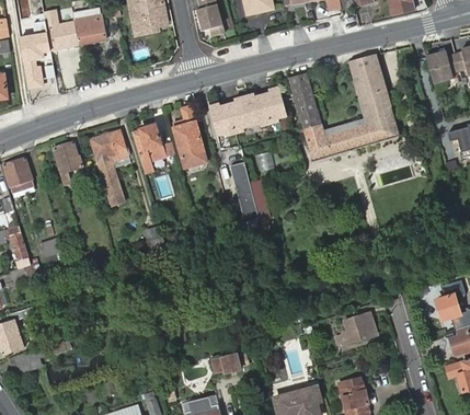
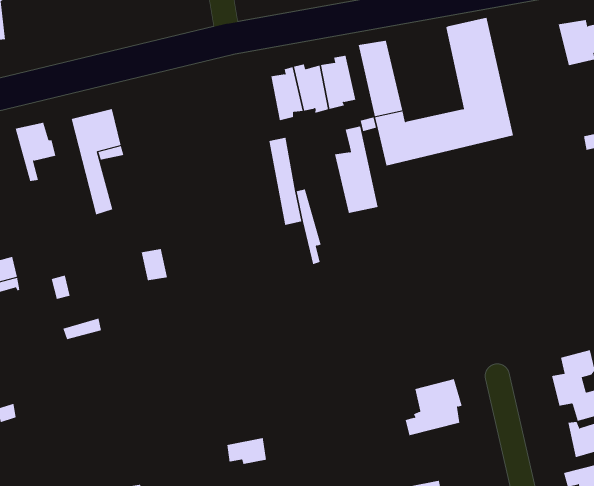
building: [209,103,236,136] -> none
building: [173,105,206,166] -> [334,126,379,213]
building: [131,125,164,175] -> none

